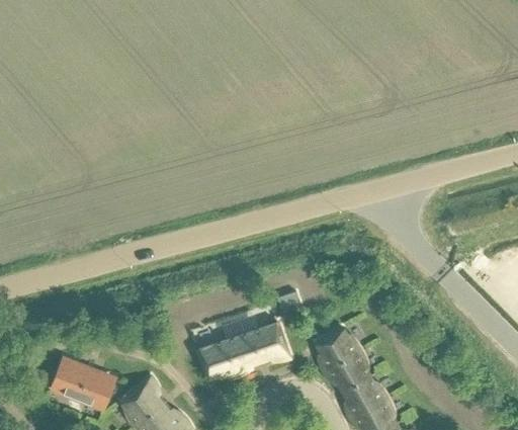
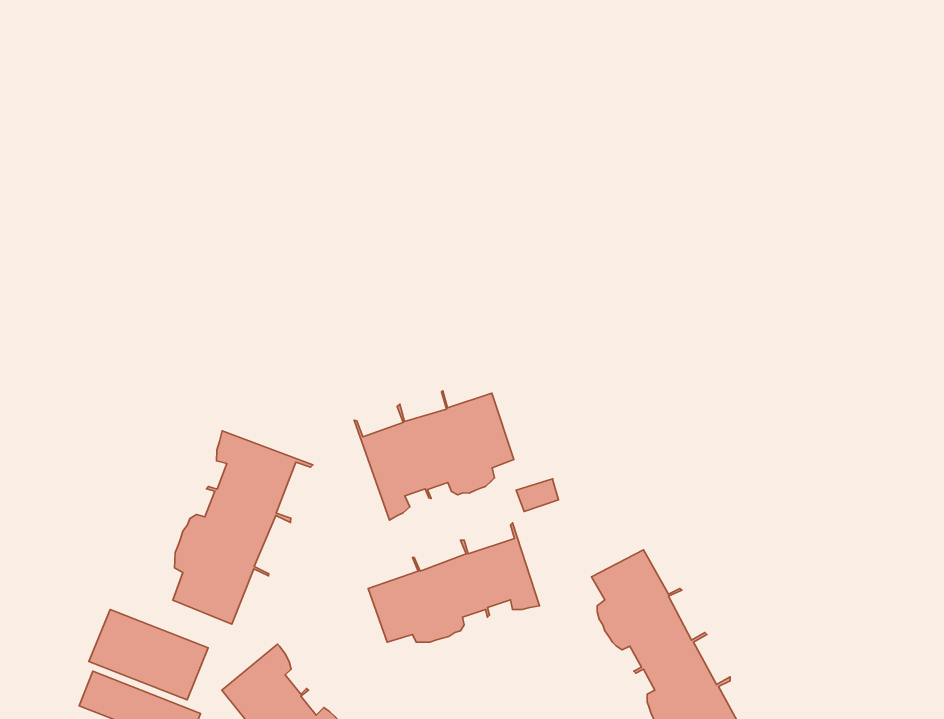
building: none -> [354,391,514,520]
building: none -> [173,431,313,624]

